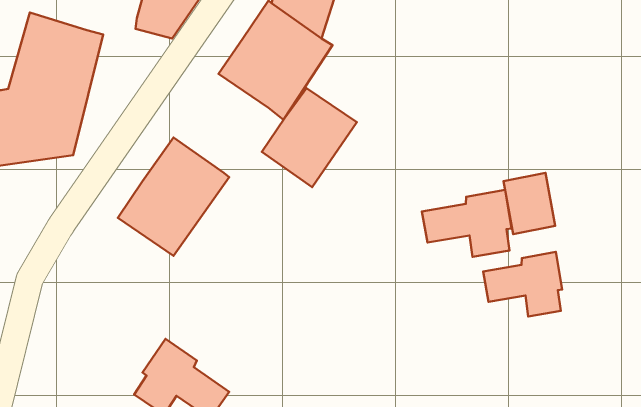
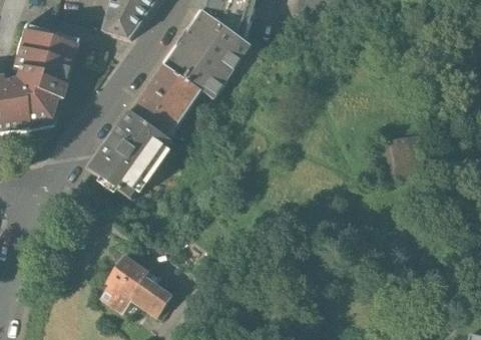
building: [262,88,357,187] -> [131,66,201,139]
building: [422,190,512,257] -> none
building: [483,252,562,316] -> none

